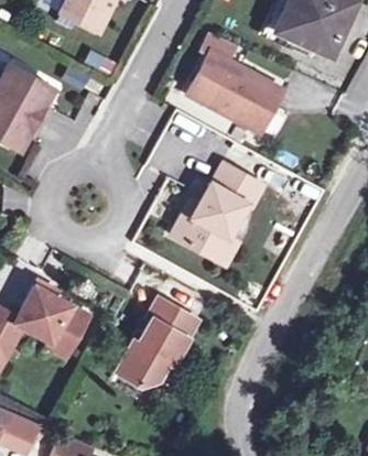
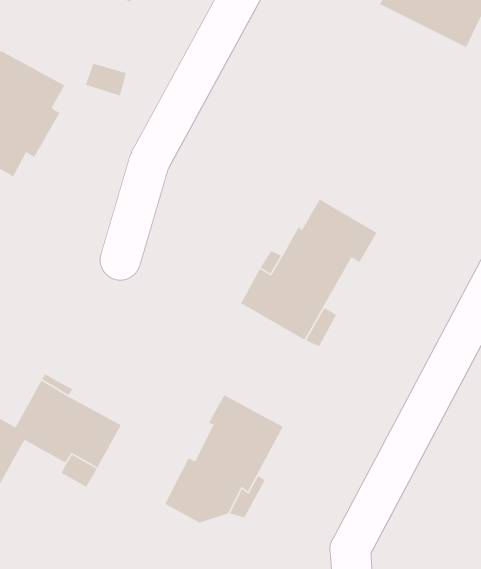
building: [187,34,293,139] -> none

